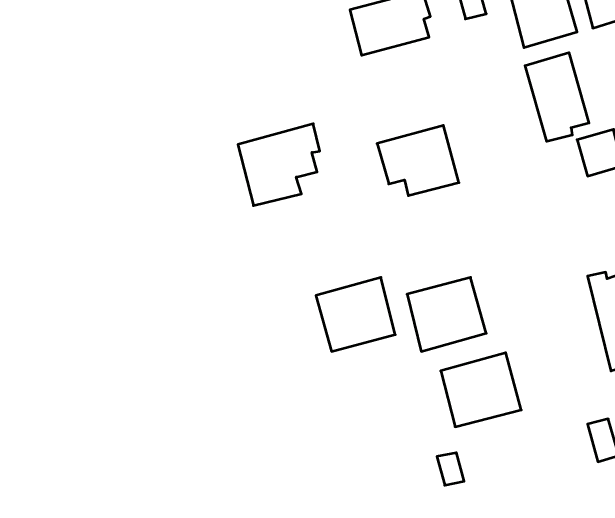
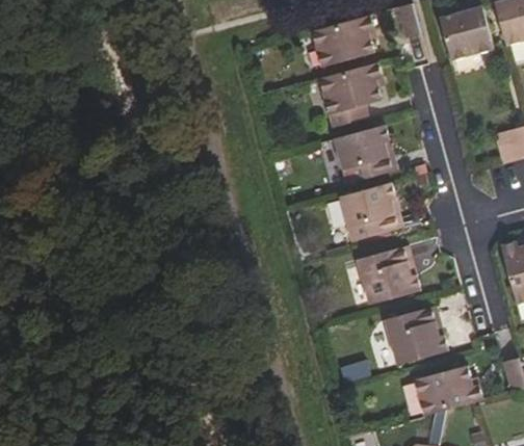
building: [525,53,589,141] -> none
building: [238,124,320,206] -> [318,62,384,128]
building: [316,277,395,351] -> [339,182,402,241]
building: none -> [414,366,482,417]

